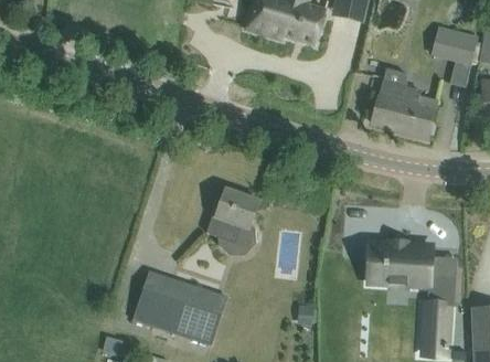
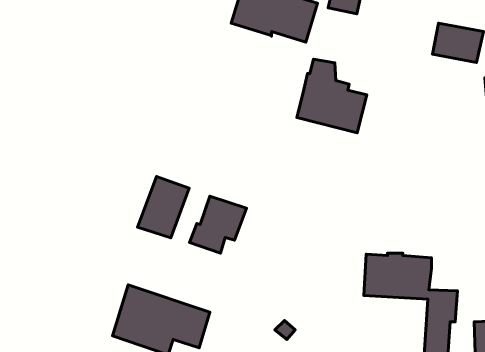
building: [372,68,437,137] -> [297,59,367,133]
building: none -> [137,176,189,238]

